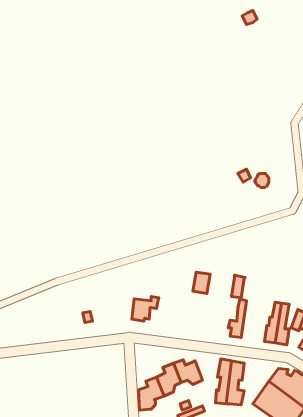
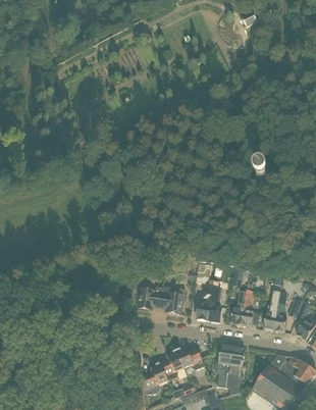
building: none -> [196,283,219,322]
building: none -> [159,287,183,315]
building: none -> [240,291,258,327]

